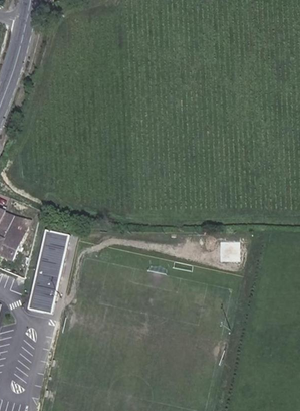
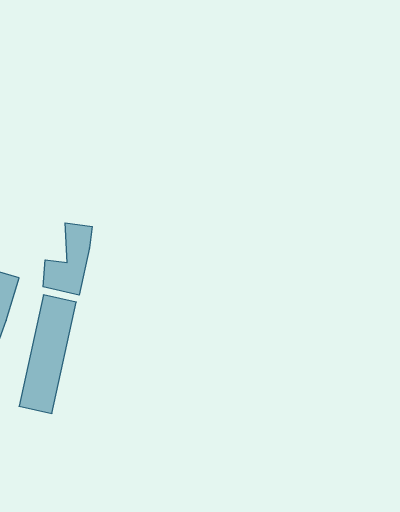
building: none -> [43,223,92,295]

